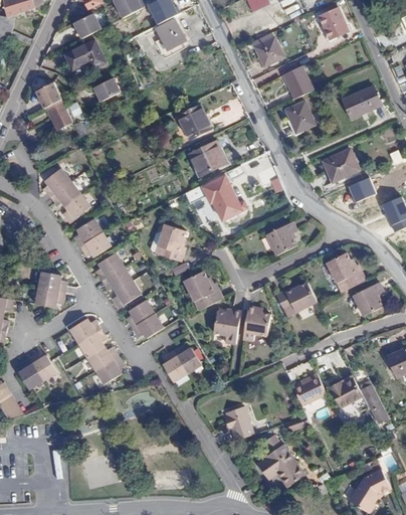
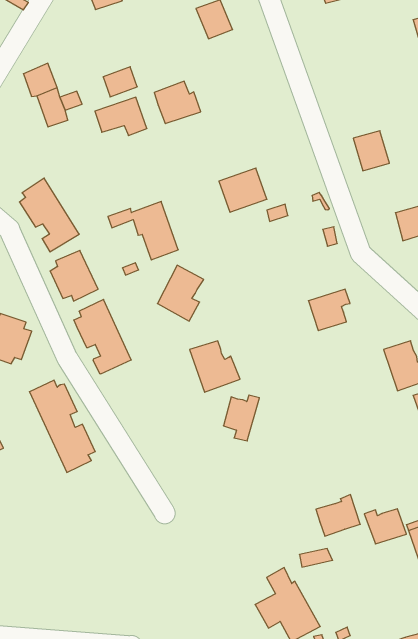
building: [252,31,283,65] -> none
building: [64,39,105,68] -> [95,97,147,136]
building: [282,64,313,98] -> none
building: [178,105,214,138] -> [154,81,201,124]
building: [186,175,241,219] -> [108,201,178,260]
building: [275,284,315,317] -> none
building: [125,299,162,337] -> none
building: [241,306,271,341] -> none
building: [162,344,200,381] -> none
building: [228,406,256,439] -> none

